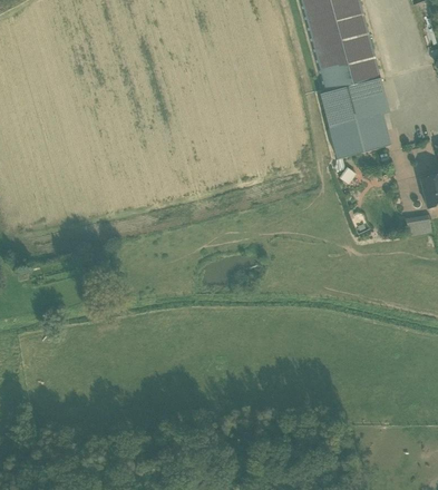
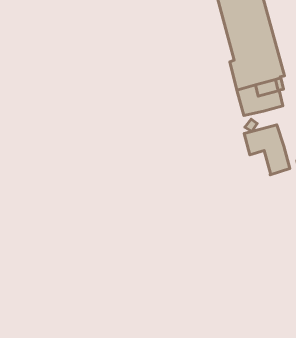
building: none -> [244,125,290,175]

